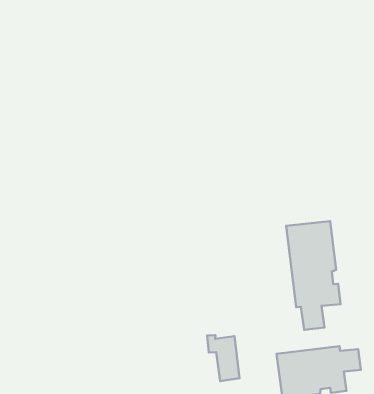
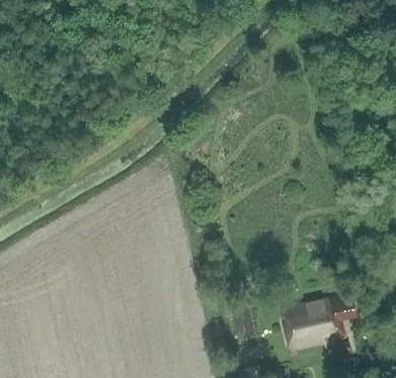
building: [286,221,341,330] -> none

